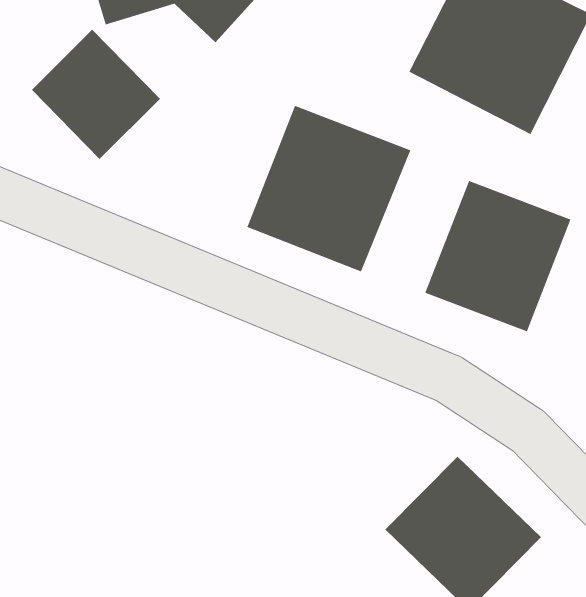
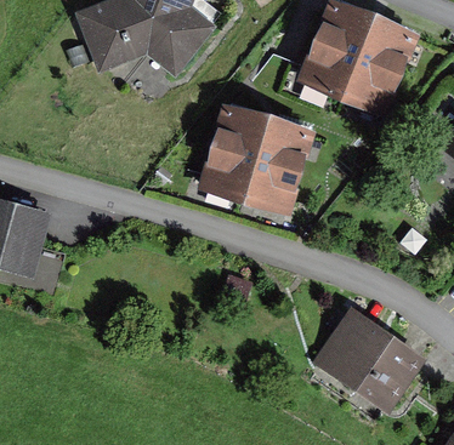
building: [31,29,161,160] -> none
building: [425,180,571,332] -> none

